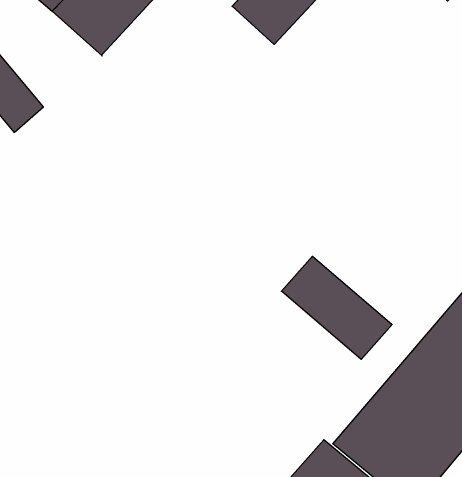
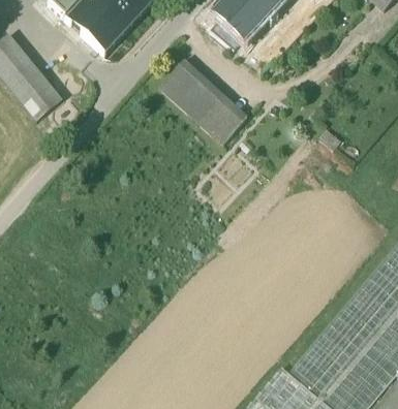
building: none -> [157,58,245,141]
building: [281,256,392,359] -> none

